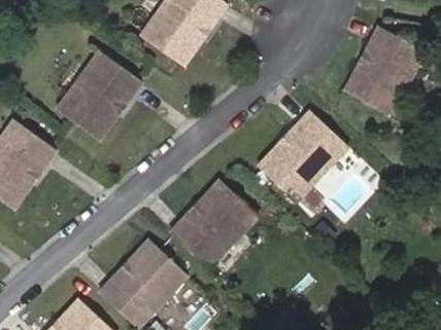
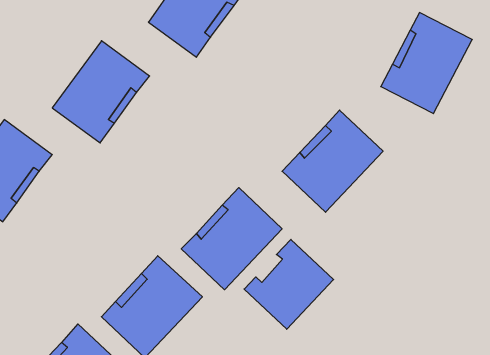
building: none -> [244,239,334,329]

